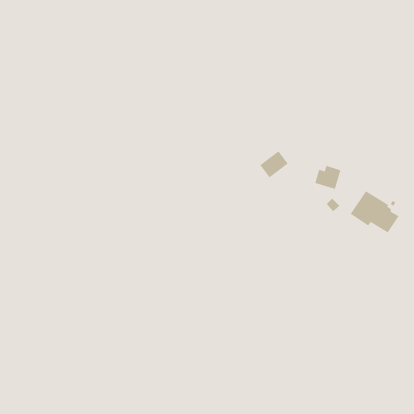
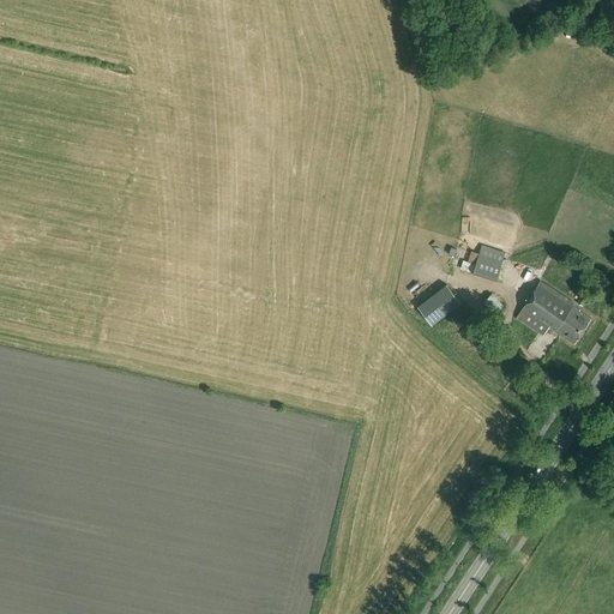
building: [259,150,289,178] -> [417,284,460,325]

